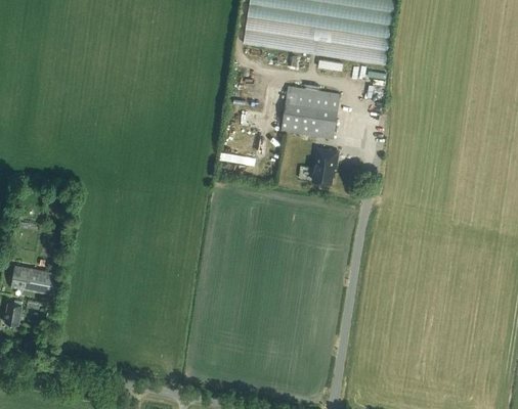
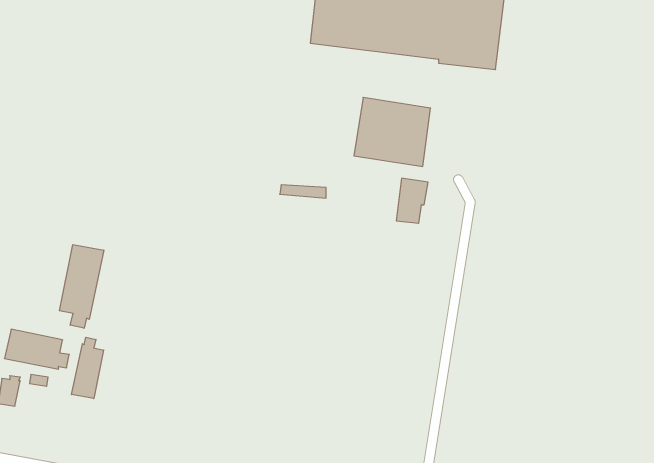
building: none -> [59,245,104,328]
building: none -> [72,337,104,399]

